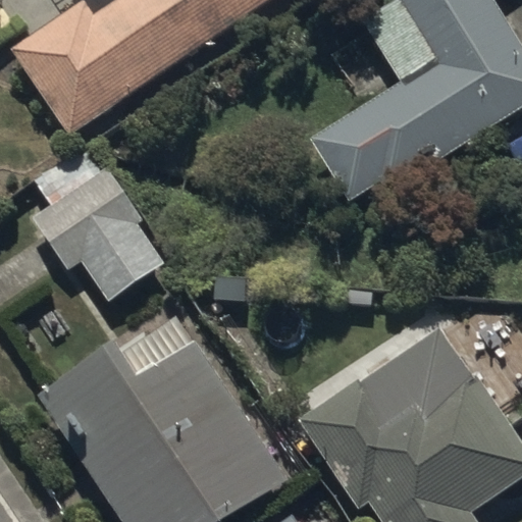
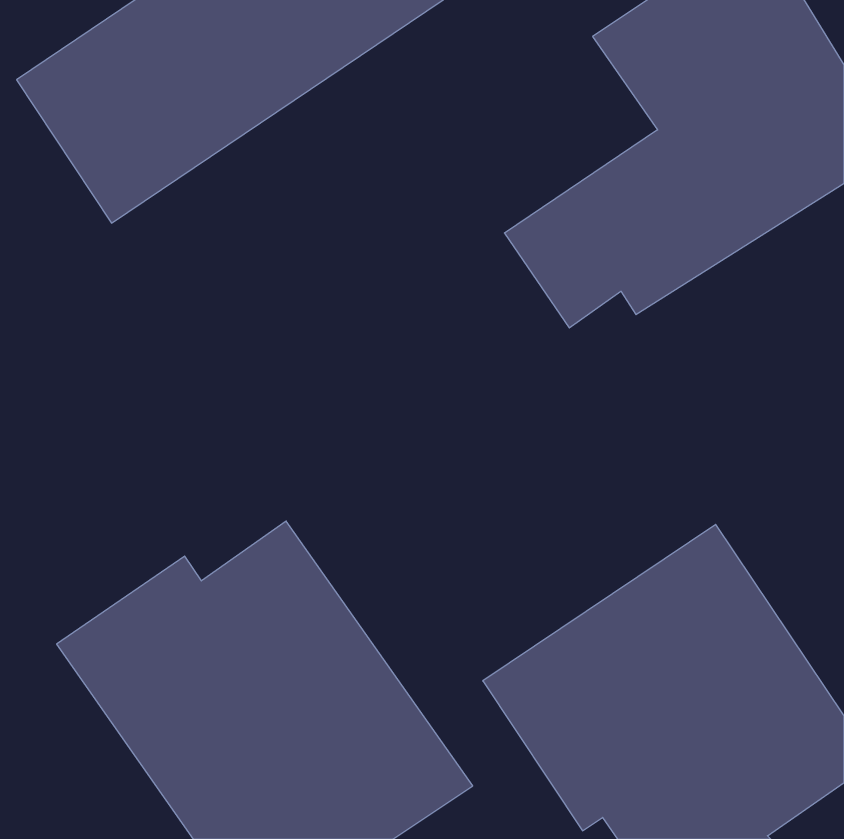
building: [33,165,165,301] -> none

